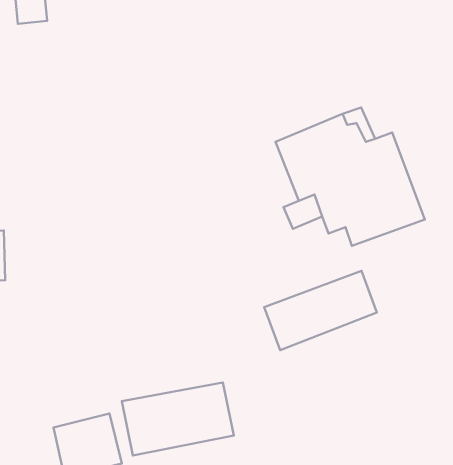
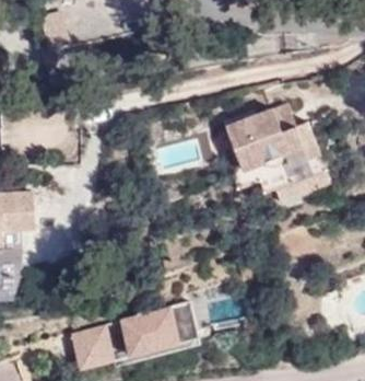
building: [264,271,377,350] -> none

